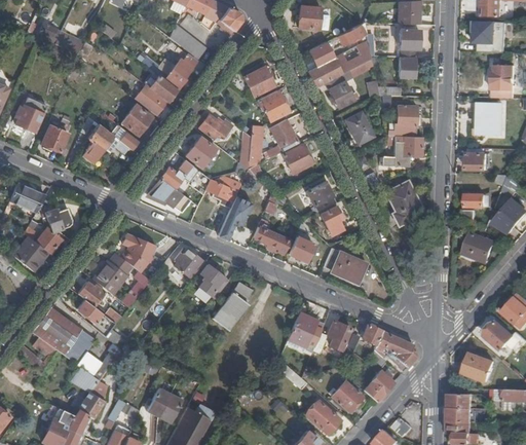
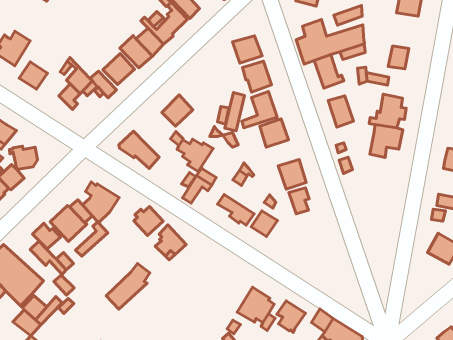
building: [400,29,419,57] -> none
building: [198,114,232,139] -> none
building: [159,159,197,188] -> none
building: [386,181,419,224] -> none
building: [324,249,366,283] -> none
building: [213,282,252,329] -> [106,264,150,309]

